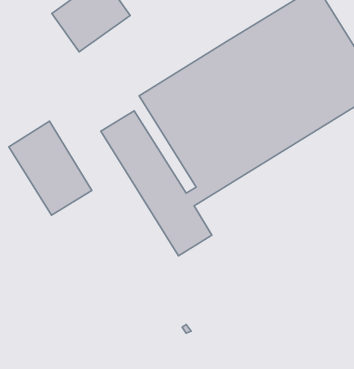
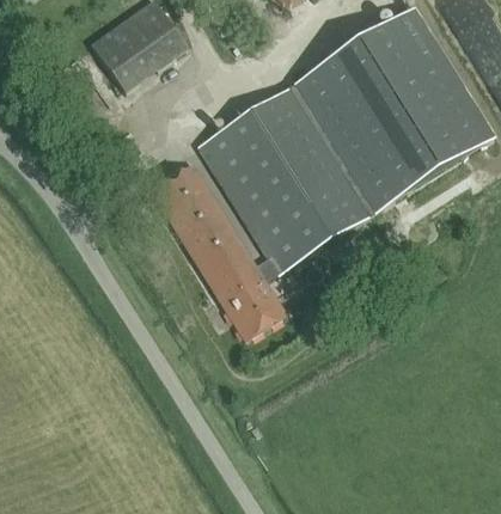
building: [9,121,92,215] -> none

